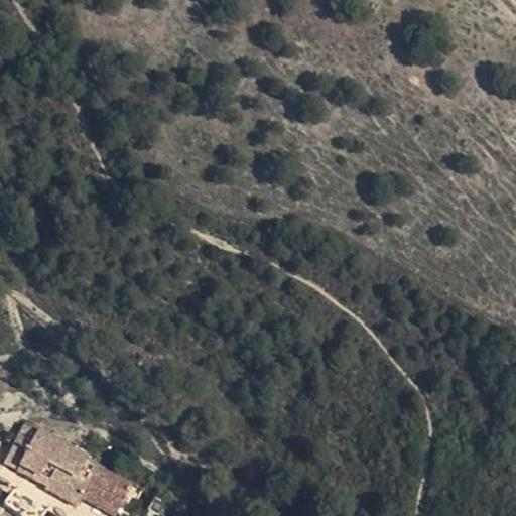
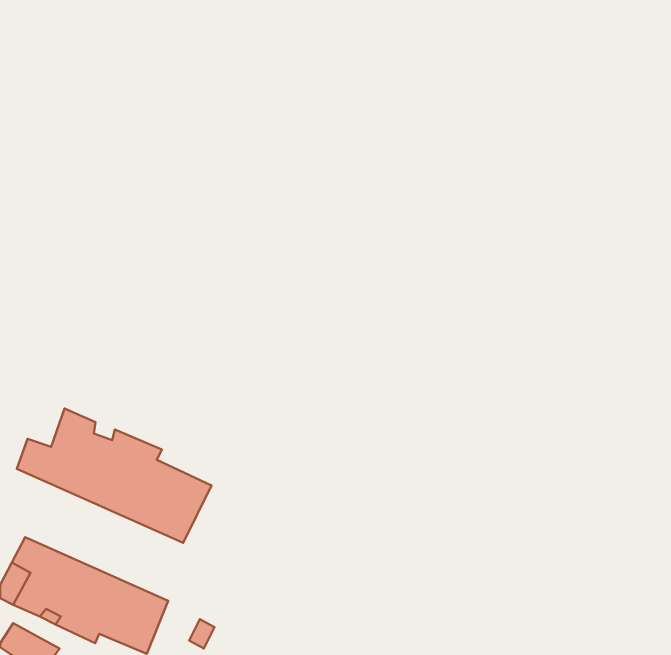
building: none -> [17,408,211,543]

